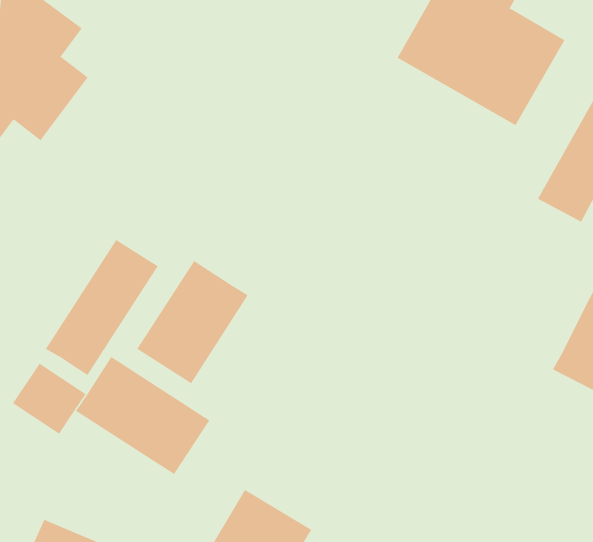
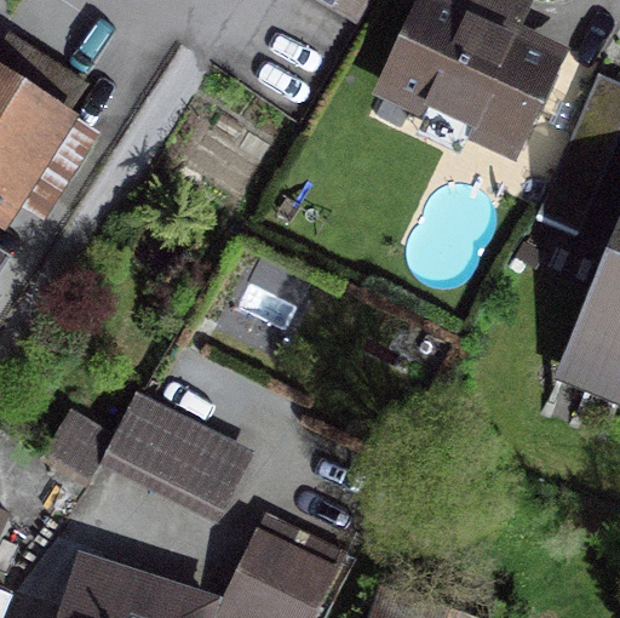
building: [45,239,158,376] -> none
building: [137,260,248,384] -> none

